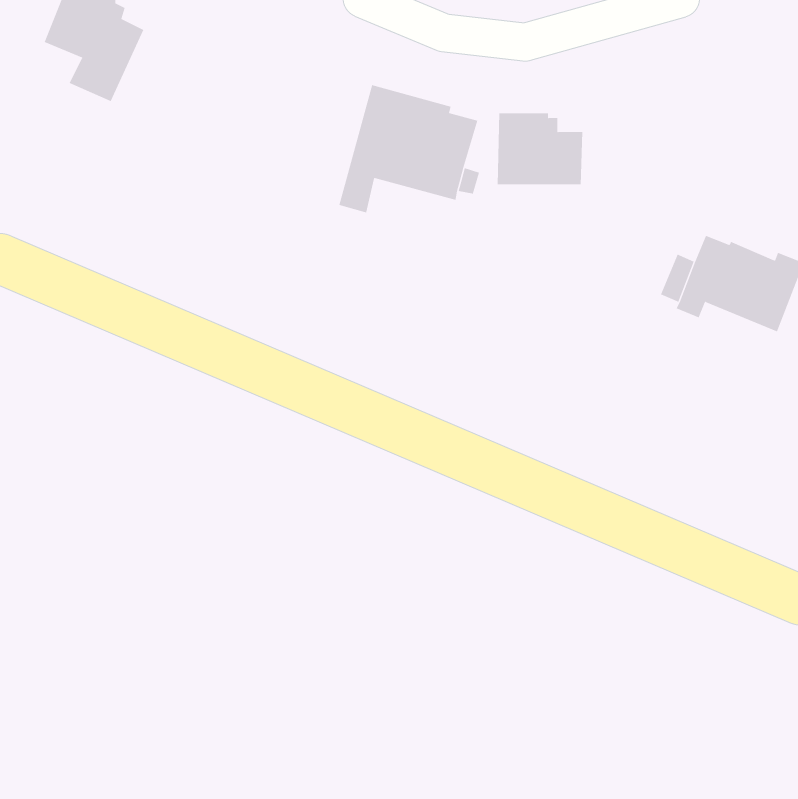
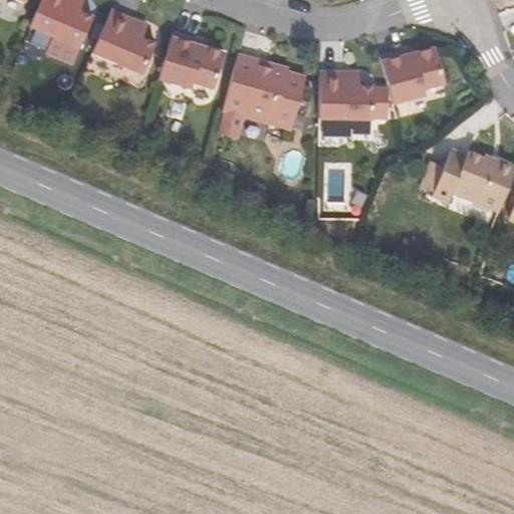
building: none -> [93,11,157,73]
building: none -> [160,33,226,91]
building: none -> [379,47,444,102]

